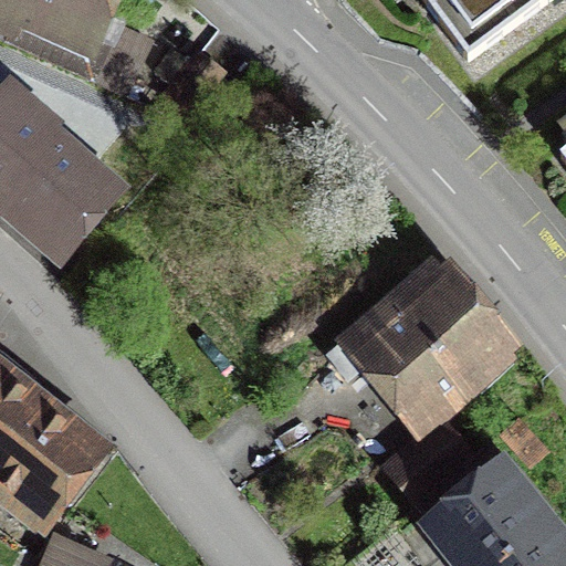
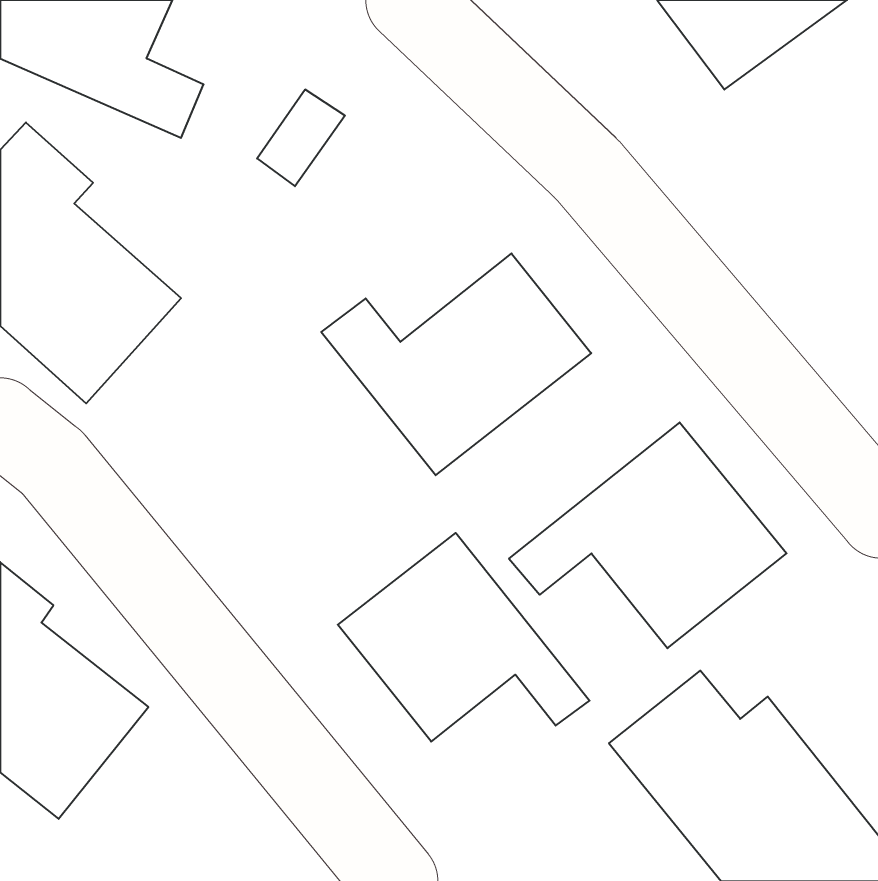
building: none -> [321,253,591,475]
building: none -> [338,533,590,742]

